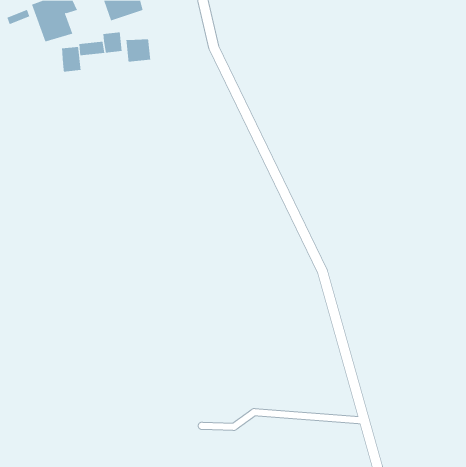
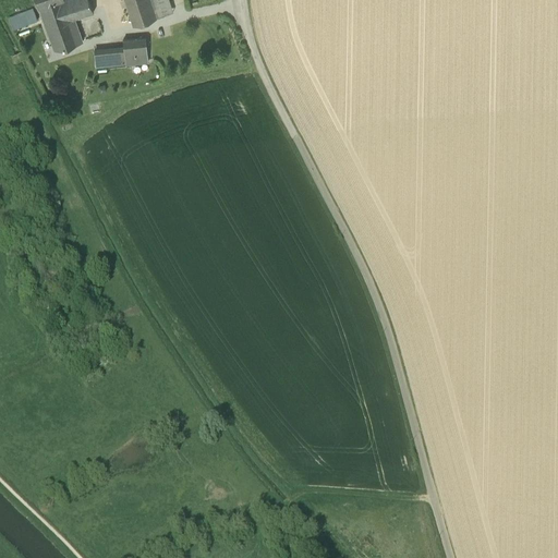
building: [126,38,151,63] -> none
building: [62,46,81,72] -> none

